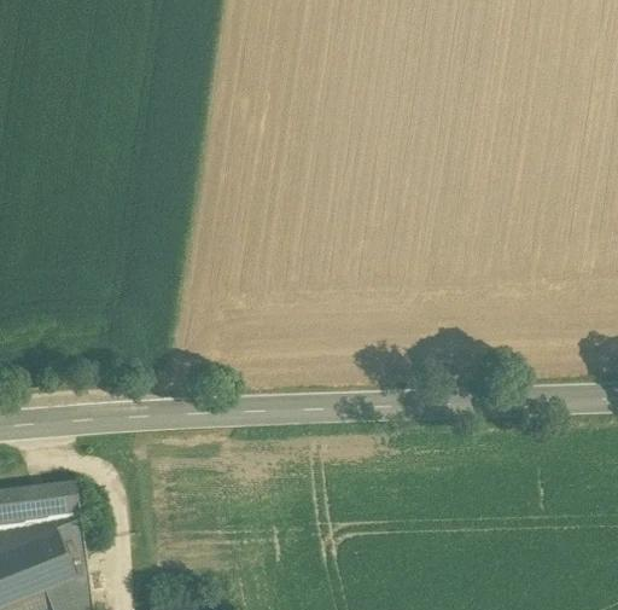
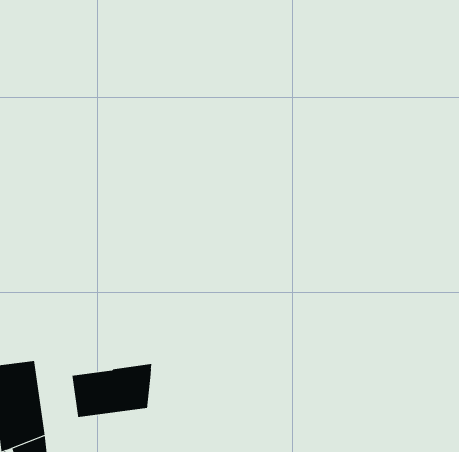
building: none -> [72,363,152,418]

